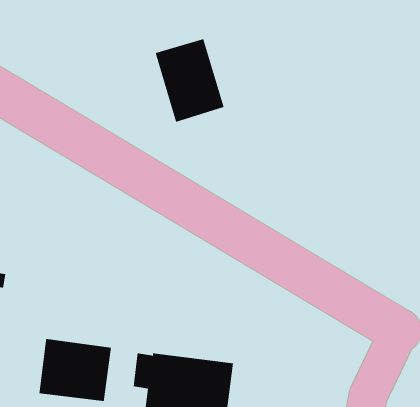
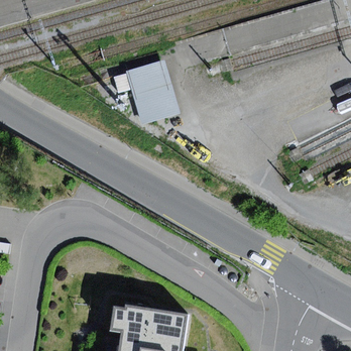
building: [39,338,112,402] -> none

